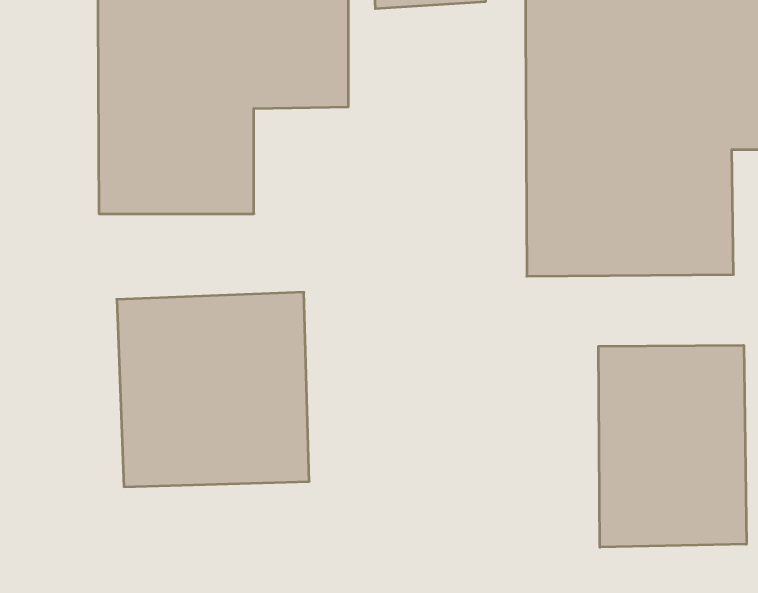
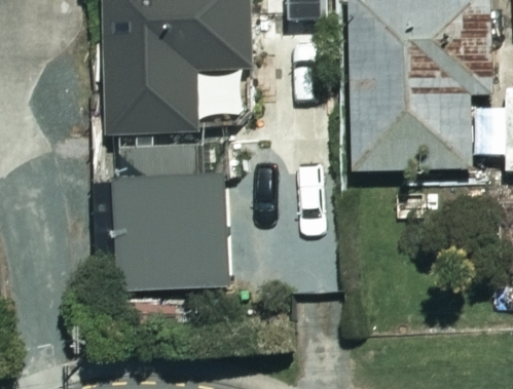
building: [599,345,746,547] -> none

